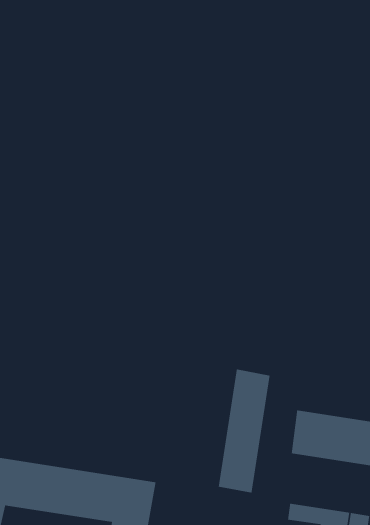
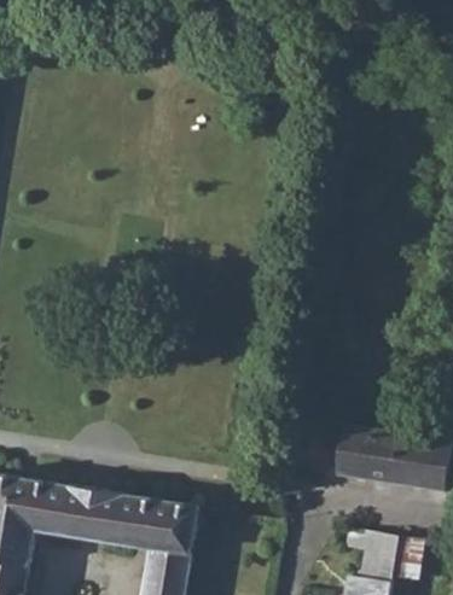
building: [218,368,271,494] -> none

